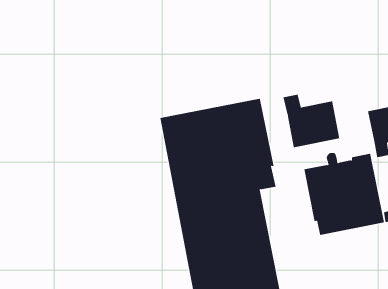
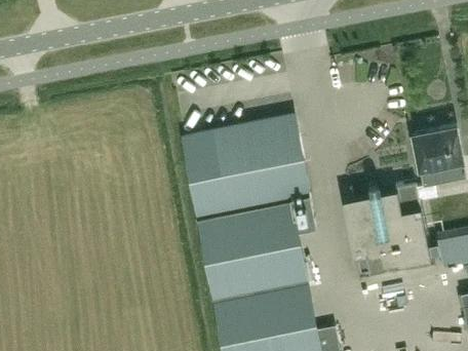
building: [283,94,340,148] -> none

